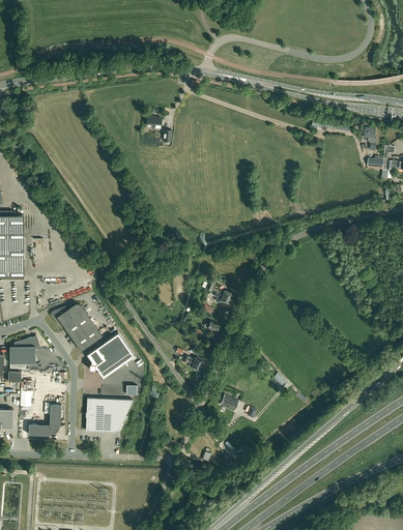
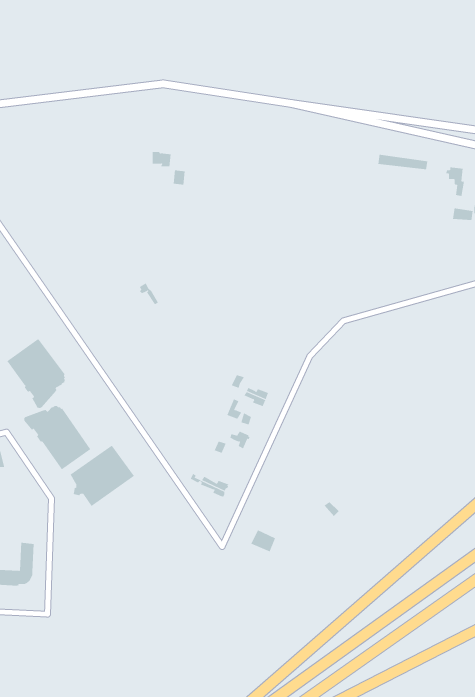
building: none -> [6,338,65,409]
building: [86,398,134,432] -> none

